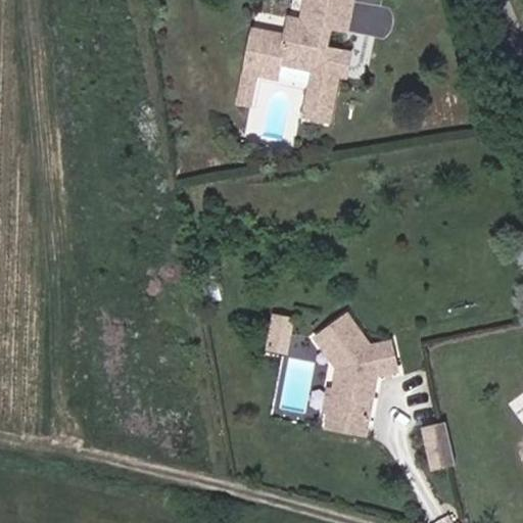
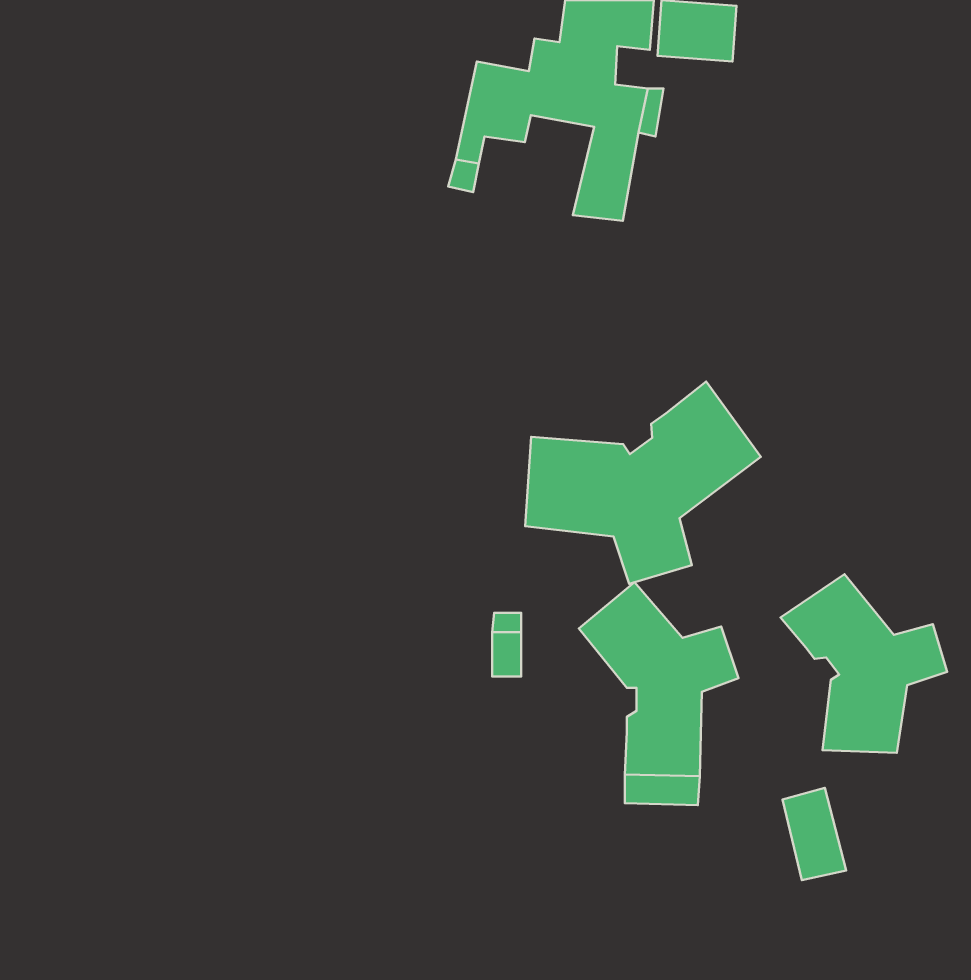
building: none -> [525,382,761,584]
building: none -> [780,574,947,753]

